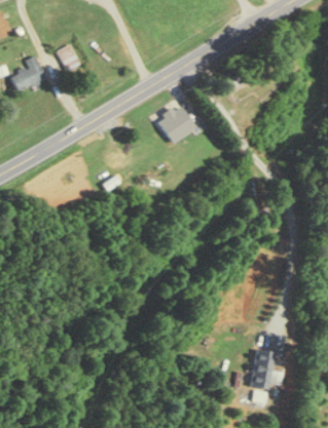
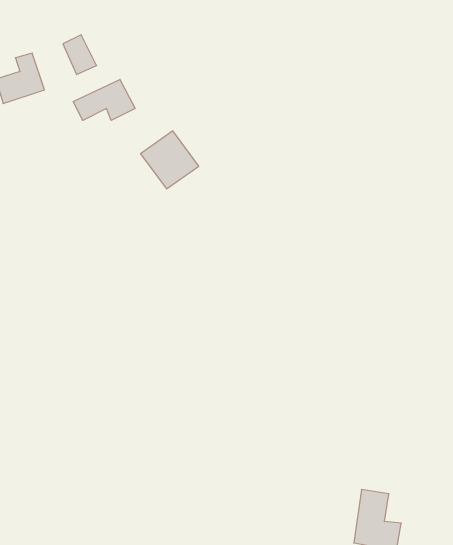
building: none -> [73,79,135,120]
building: [155,105,194,144] -> [141,131,199,189]

